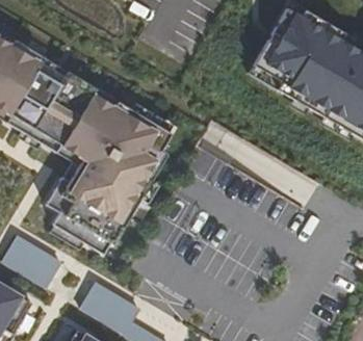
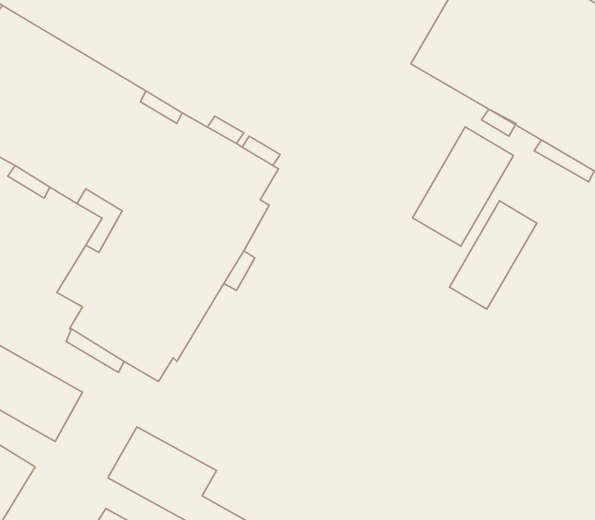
building: none -> [412,127,513,246]
building: none -> [449,201,537,309]

